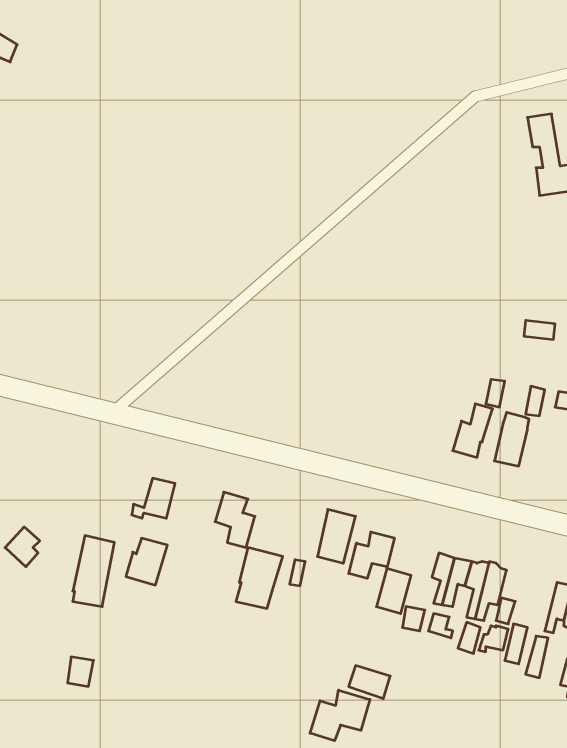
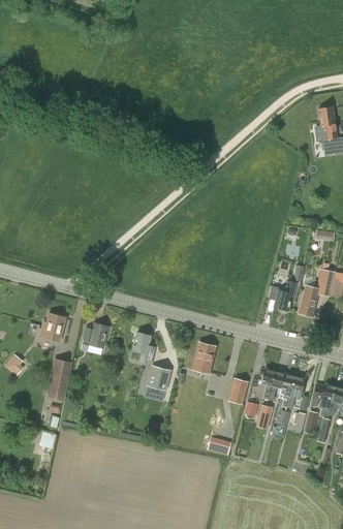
building: [349,532,394,578] -> none
building: [126,538,167,585] -> [40,313,65,341]
building: none -> [312,383,335,416]
building: [310,690,370,741] -> none

